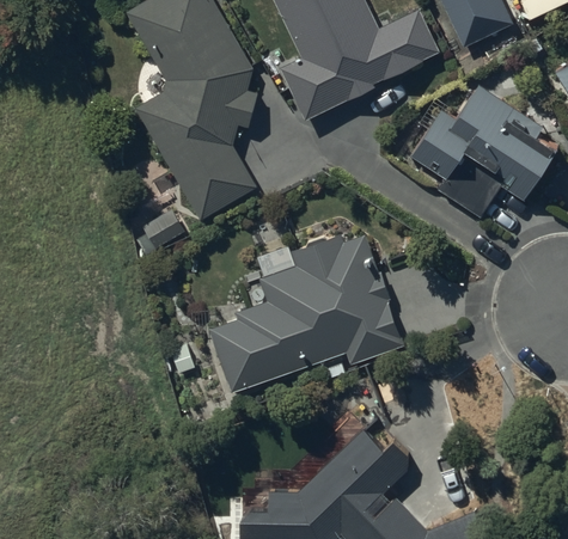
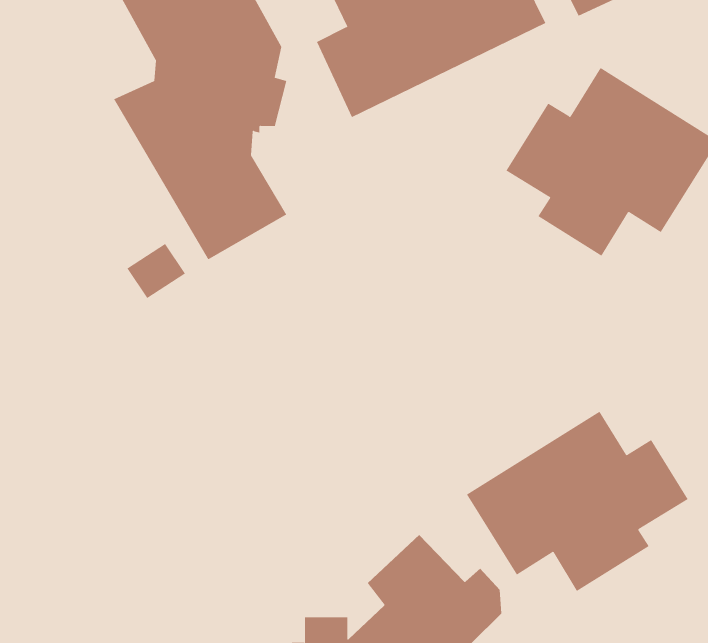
building: [209,234,404,392] -> none
building: none -> [466,411,688,592]

